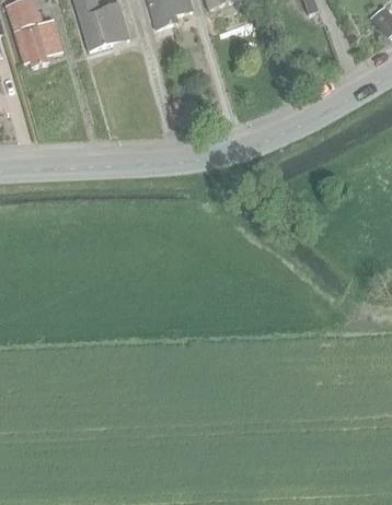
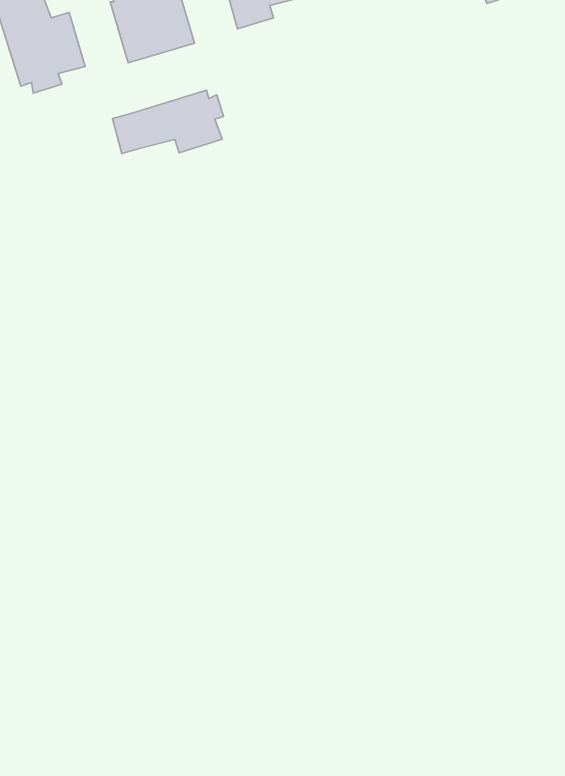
building: none -> [112,90,224,154]

